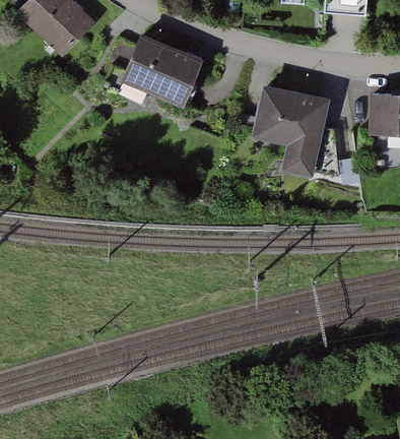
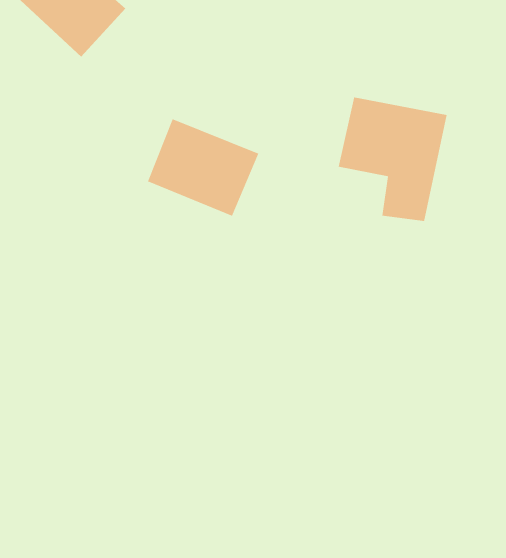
building: [121,37,202,108] -> [147,119,259,217]

